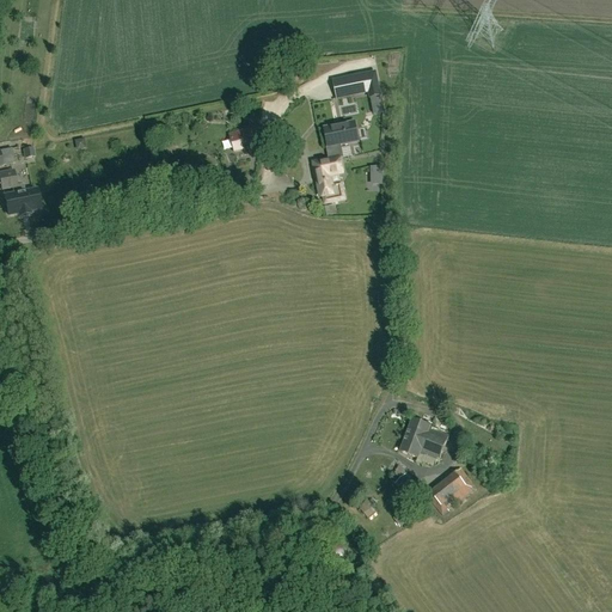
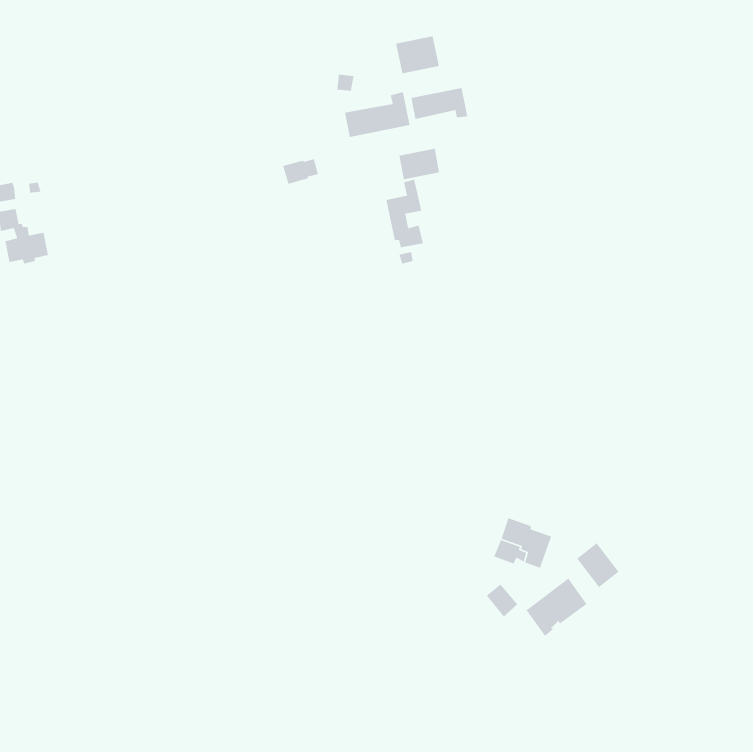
building: none -> [395,36,440,74]
building: none -> [344,91,410,138]
building: none -> [576,542,619,588]

